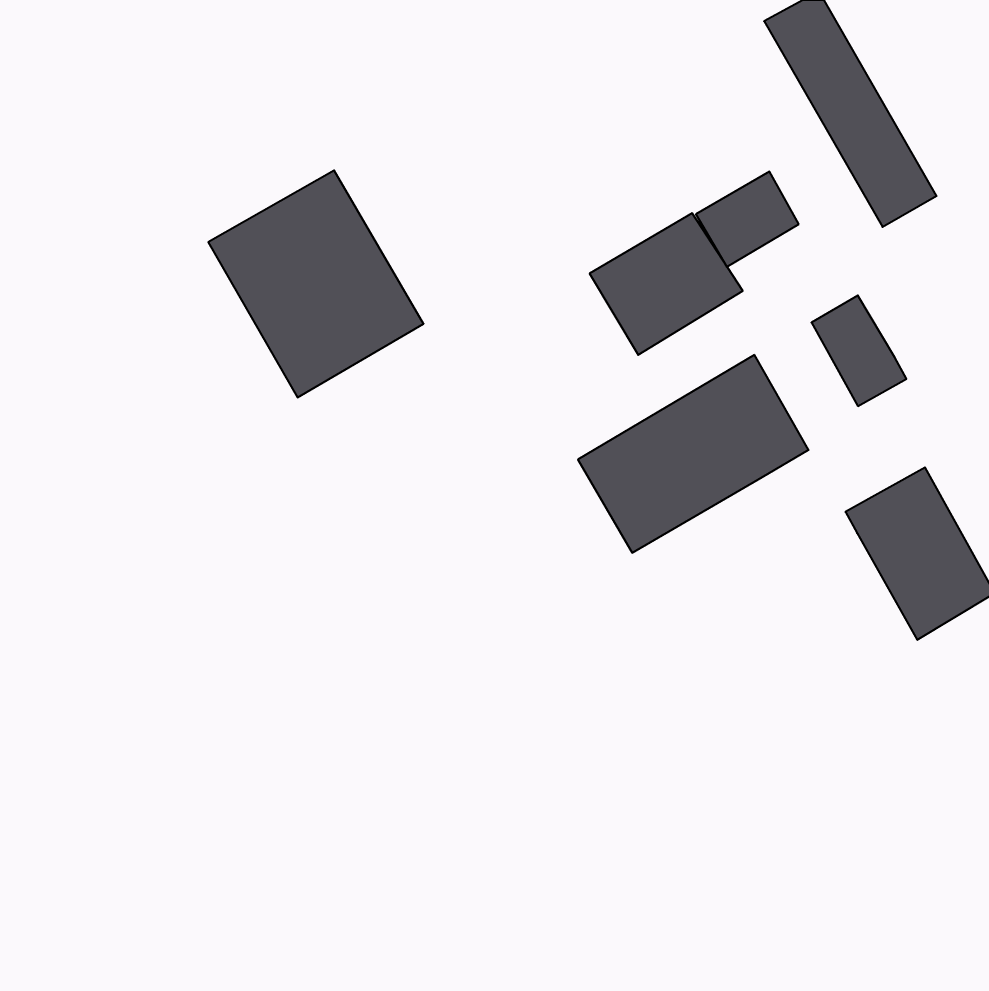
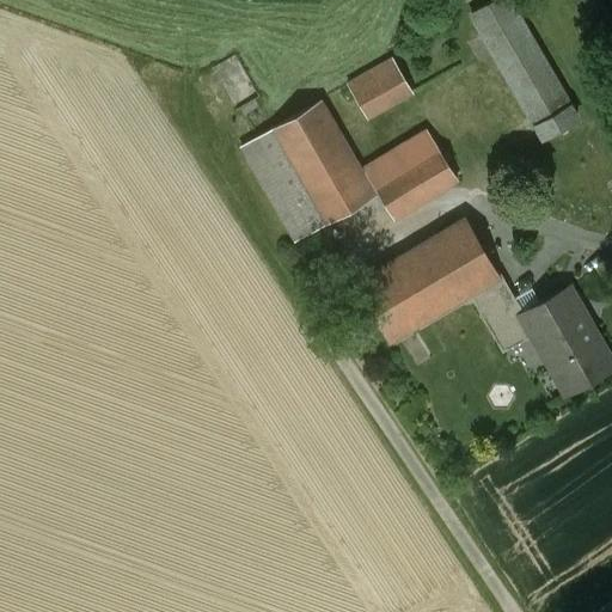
building: [208,170,424,397] -> [243,103,375,243]
building: [696,172,799,267] -> [349,60,412,118]
building: [811,295,906,406] -> [471,277,530,345]

